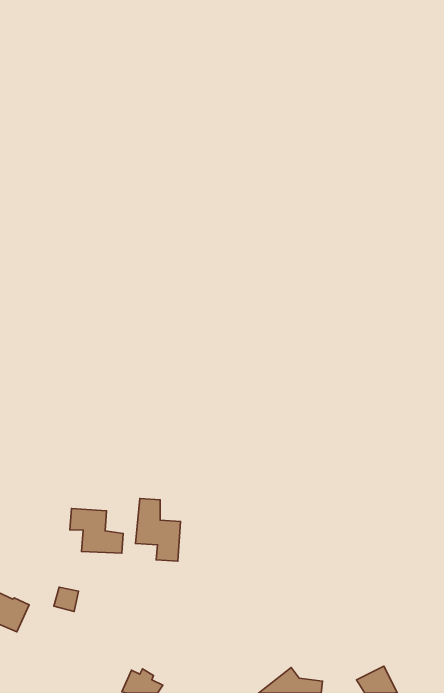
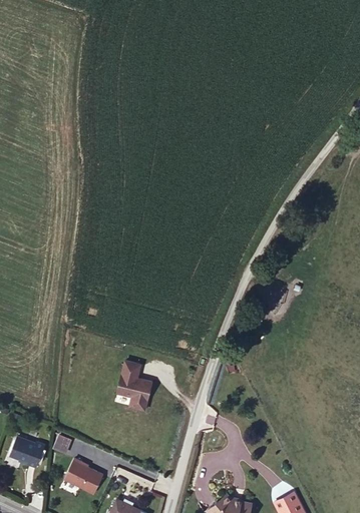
building: [70,509,123,553] -> none
building: none -> [64,460,103,496]

